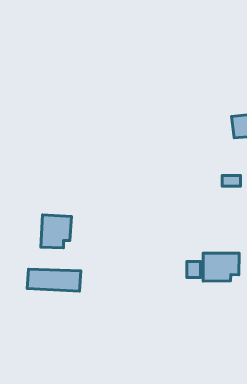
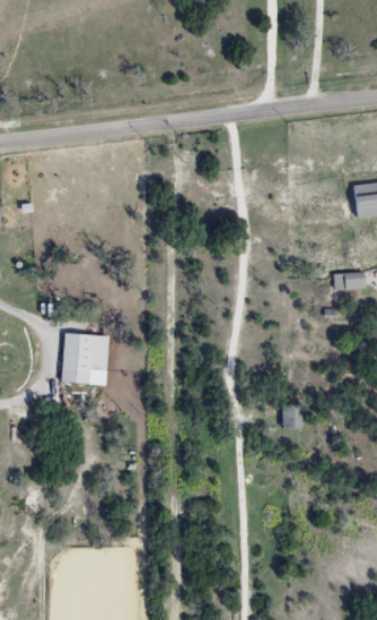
building: [203,253,239,281] -> none
building: [27,269,81,291] -> none

